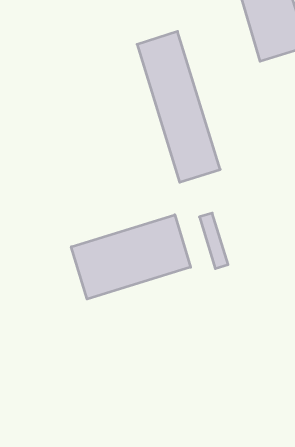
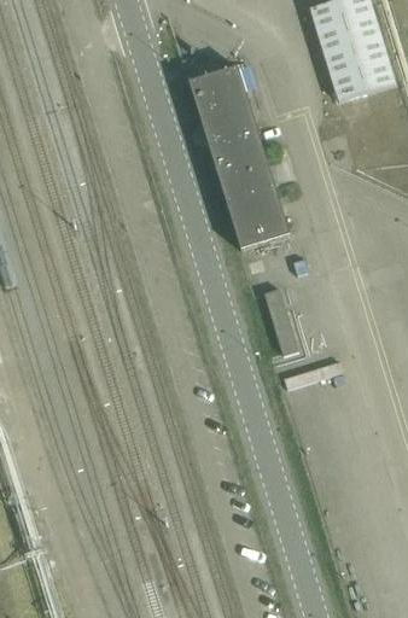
building: [71,215,191,299] -> none

